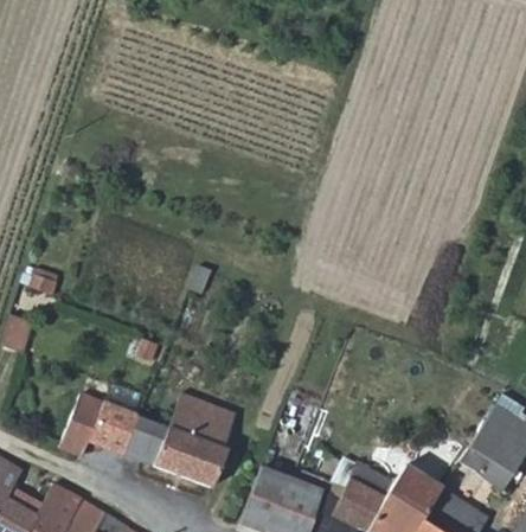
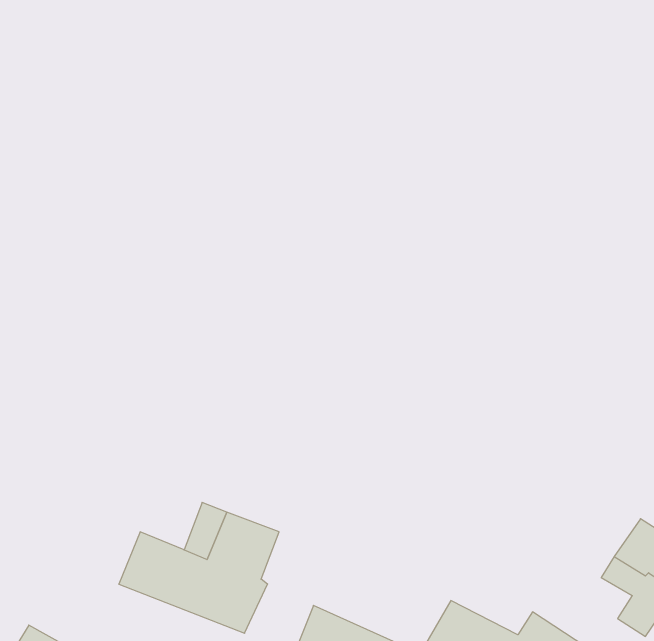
building: [60,392,135,454] -> none

